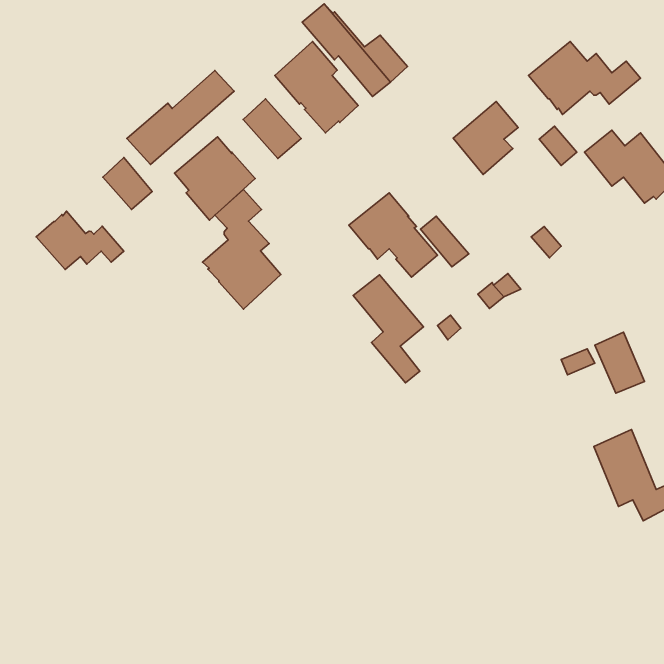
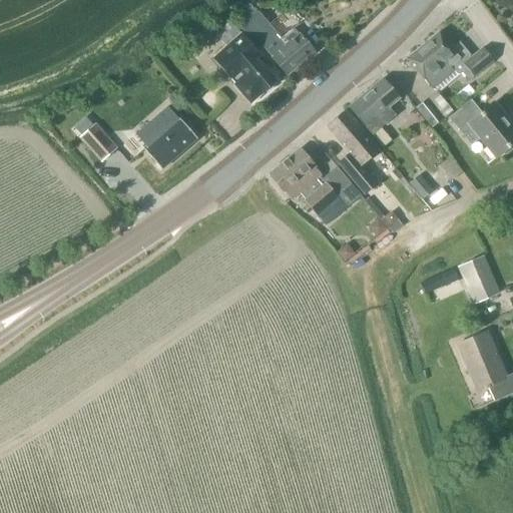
building: [127,71,234,165] -> none
building: [243,99,301,159] -> none
building: [202,189,281,309] -> none
building: [36,211,124,269] -> none
building: [353,275,424,383] -> [327,109,381,192]

